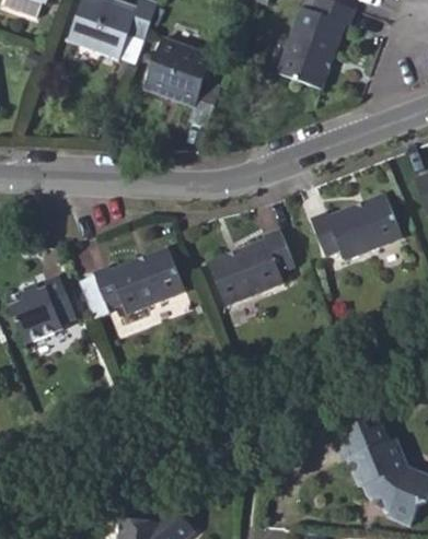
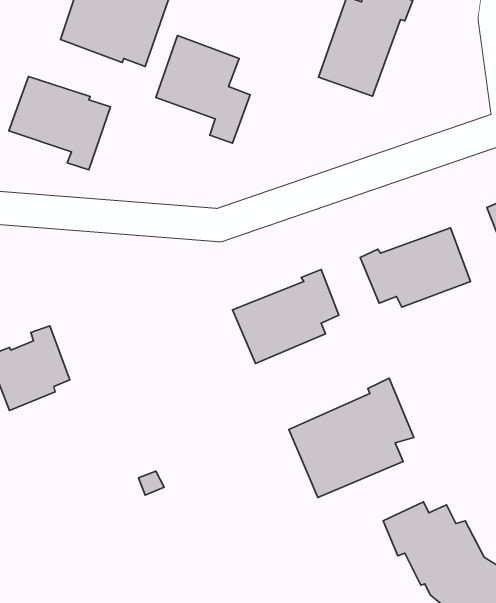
building: none -> [9,76,110,170]
building: [79,248,184,318] -> none
building: none -> [289,378,414,498]

